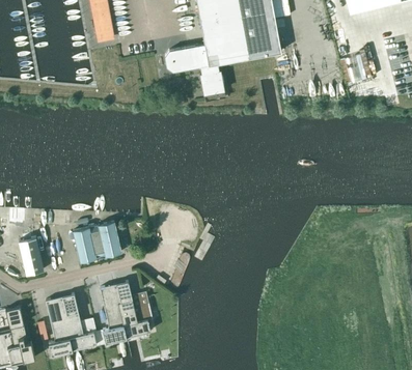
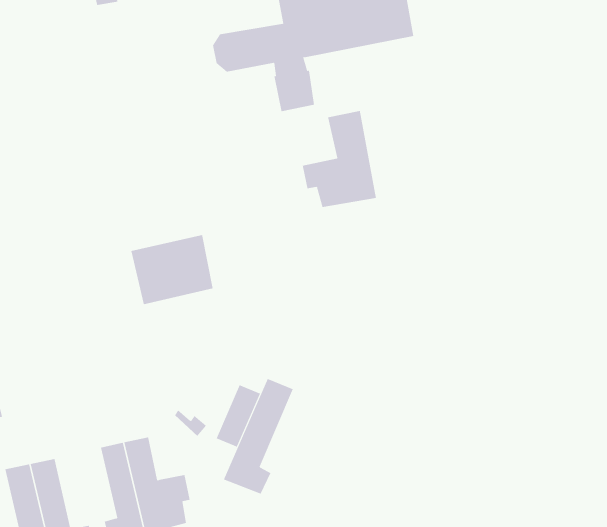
building: none -> [302,110,376,208]
building: [73,223,120,263] -> [131,235,214,305]
building: none -> [223,378,294,495]

